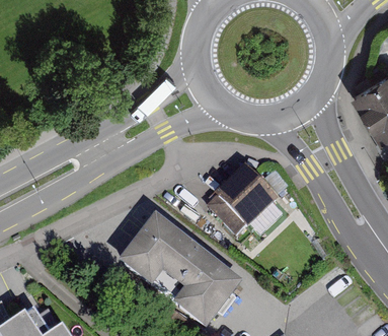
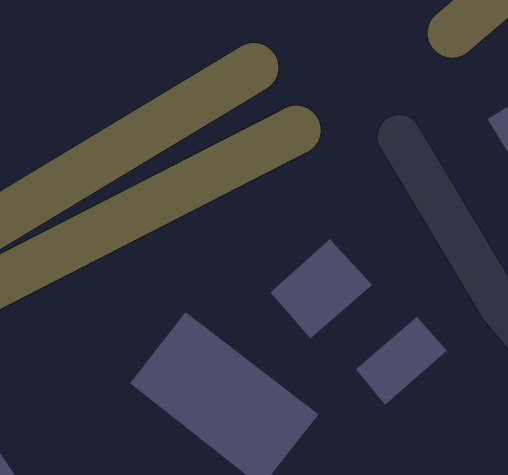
building: none -> [355,316,448,406]

